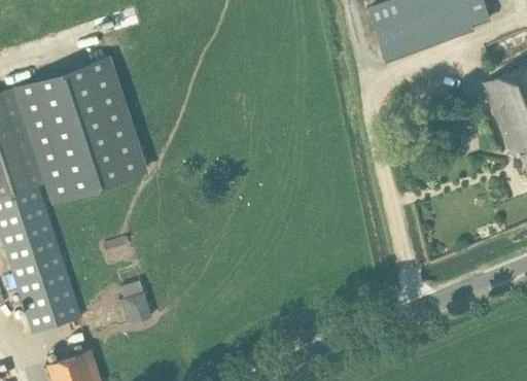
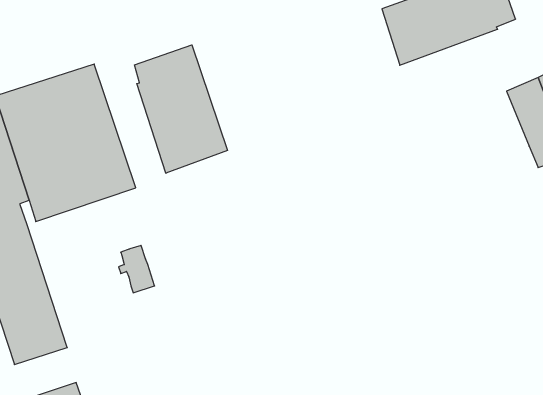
building: none -> [135,45,227,173]
building: [118,282,151,325] -> [119,245,155,293]

